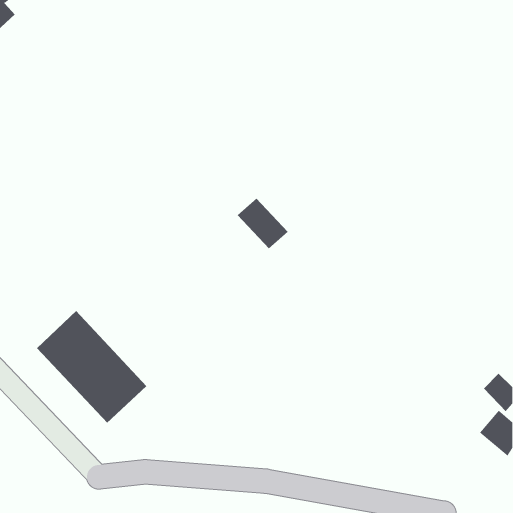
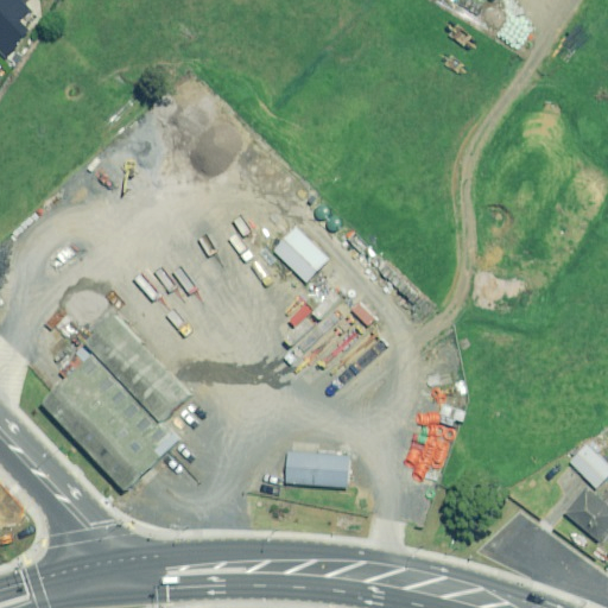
building: none -> [83,315,191,425]
building: none -> [281,451,348,490]

